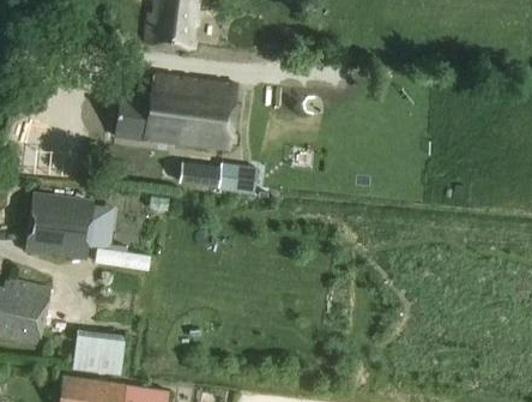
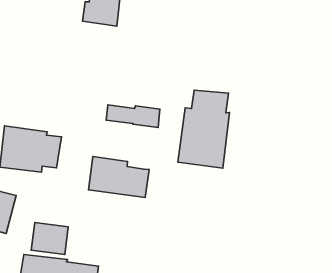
building: [114,72,237,149] -> none
building: none -> [178,90,229,168]
building: none -> [88,157,149,197]

